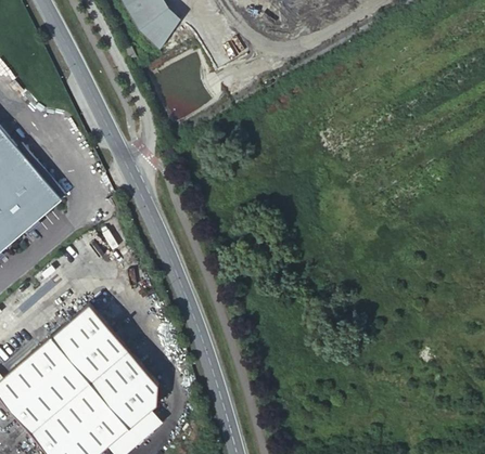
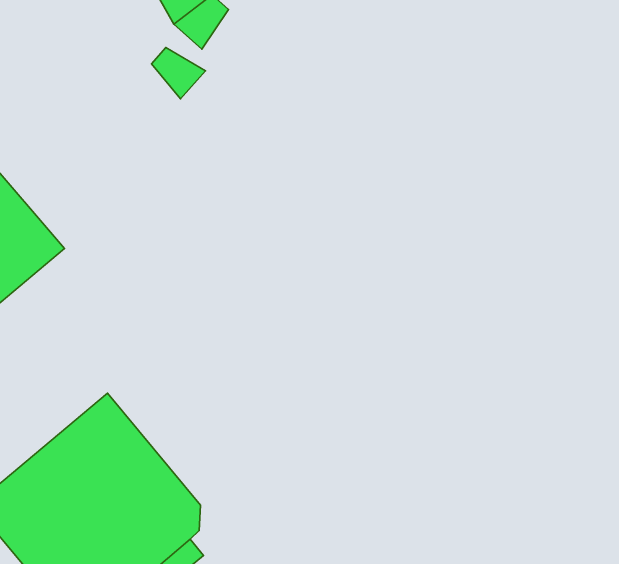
building: none -> [152,47,206,99]

